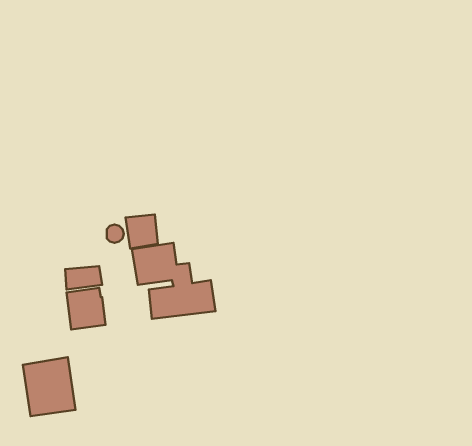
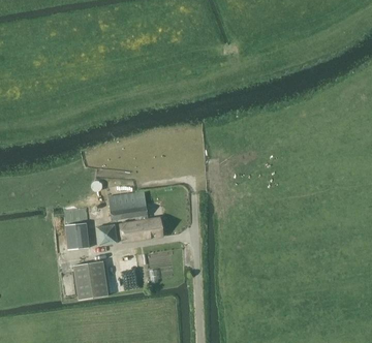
building: [125,214,158,249] -> [95,222,117,245]
building: [23,357,75,416] -> [72,259,107,299]

